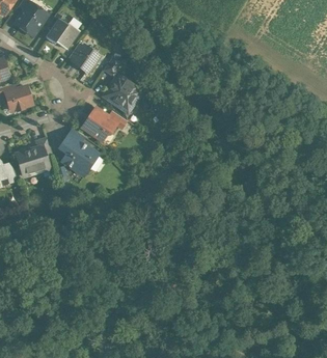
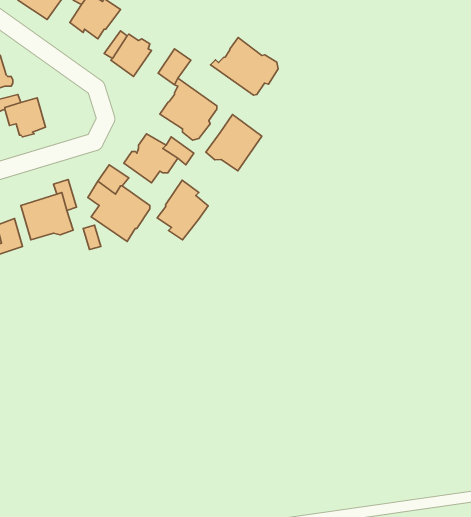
building: none -> [210,37,278,95]
building: none -> [206,114,262,171]
building: none -> [157,180,208,240]

